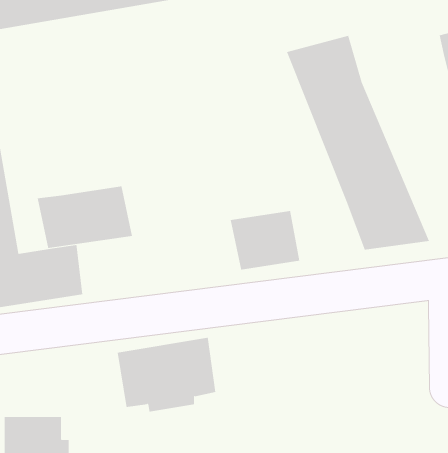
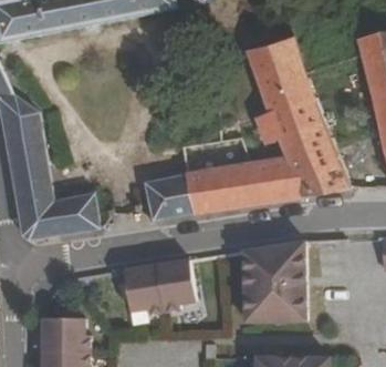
building: [37,186,133,248] -> [144,173,213,218]
building: none -> [250,160,303,203]
building: none -> [244,241,306,320]

